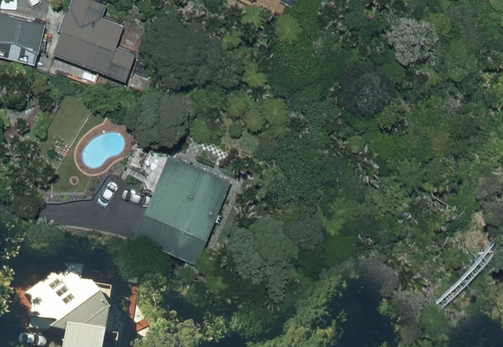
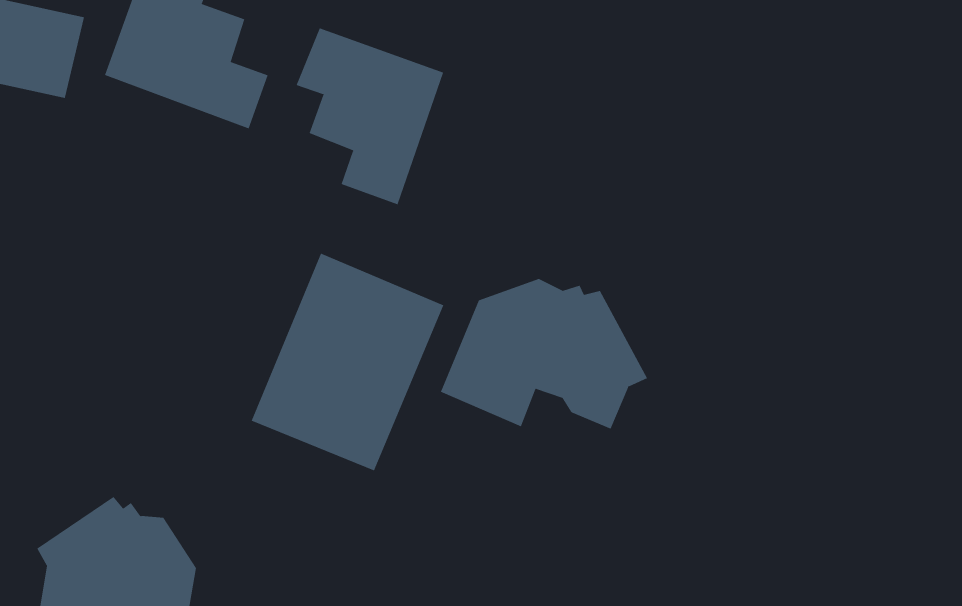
building: none -> [296,27,444,205]
building: none -> [440,278,648,430]

